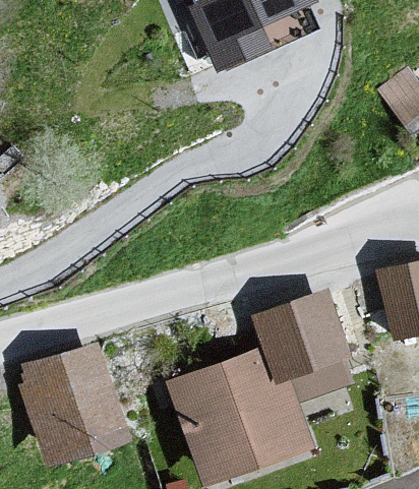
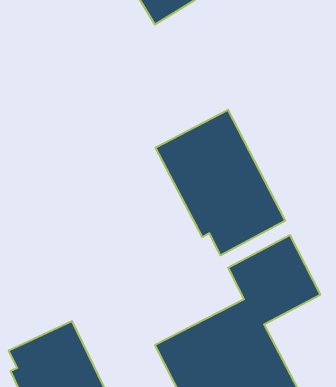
building: none -> [156,110,285,255]

